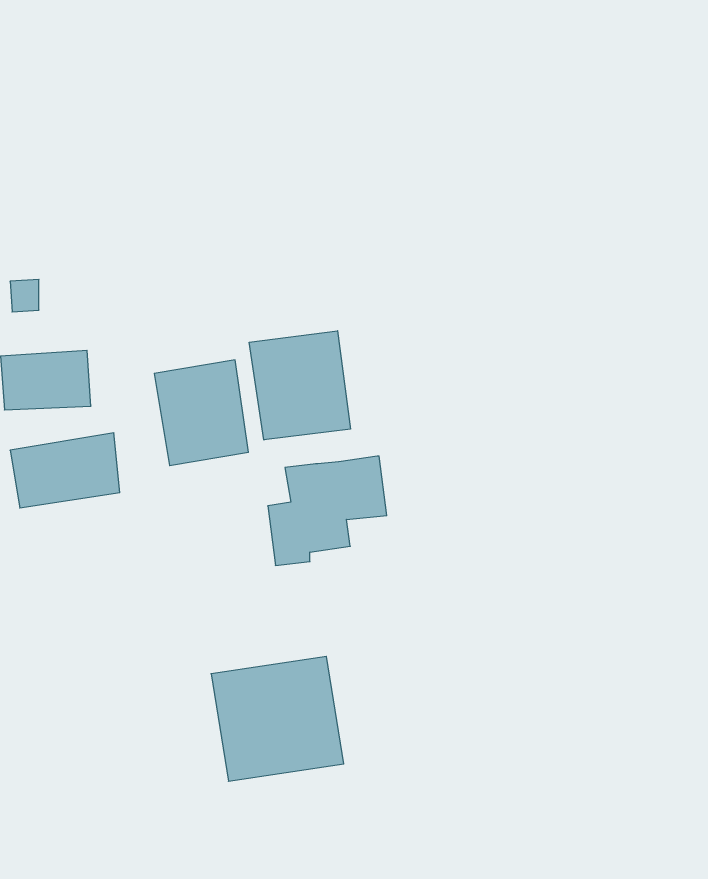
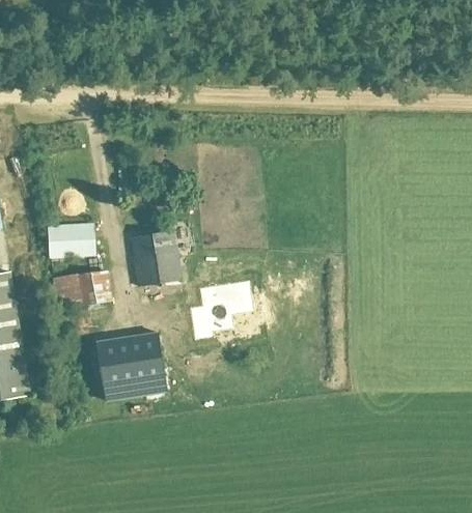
building: [249,331,350,440] -> none
building: [211,656,344,781] -> [95,332,167,399]

